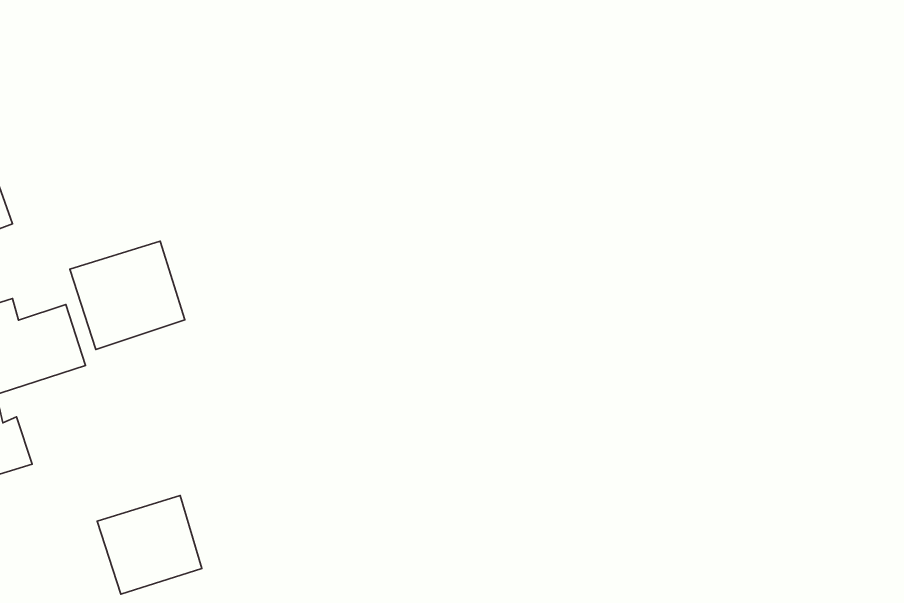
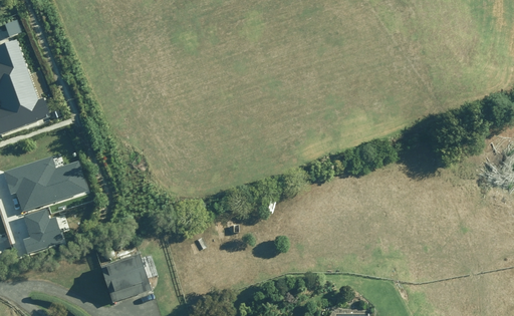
building: [70,241,185,349] -> none

